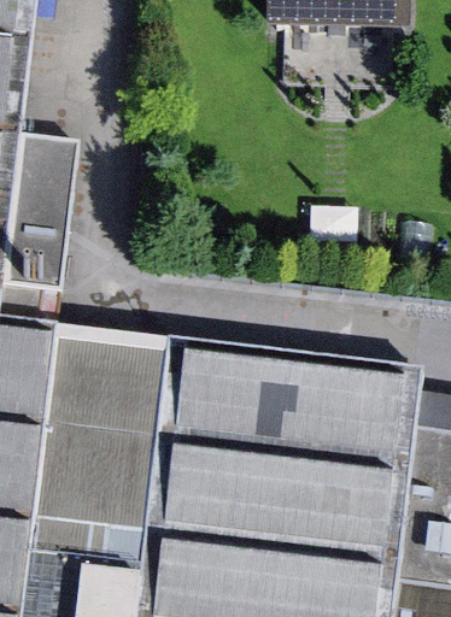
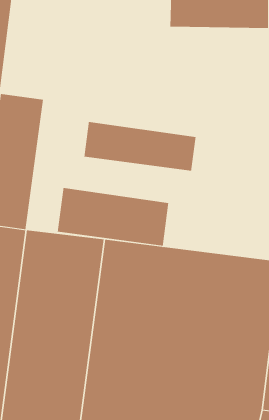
building: none -> [84,121,196,172]
building: none -> [57,187,169,247]

